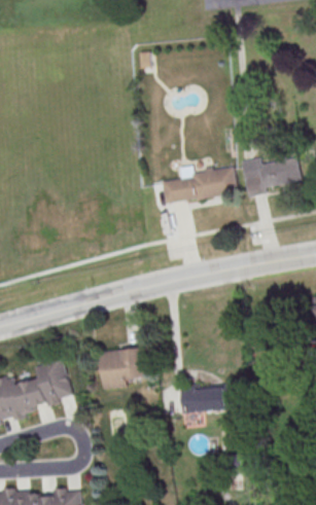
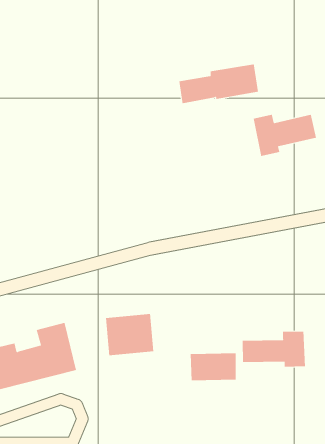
building: [162,168,238,206] -> [178,64,259,104]
building: none -> [242,331,306,367]

